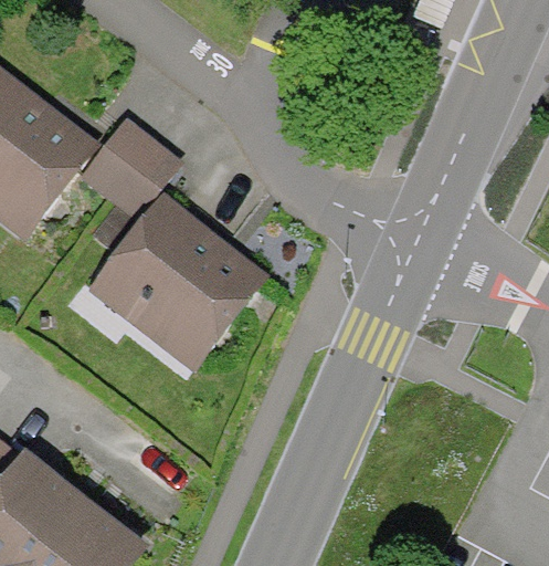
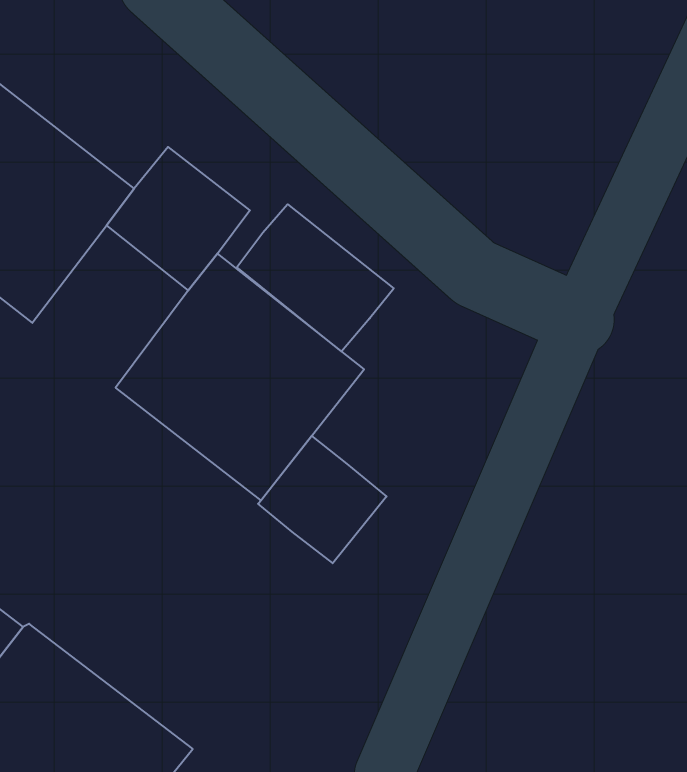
building: none -> [237,204,394,351]
building: none -> [258,436,387,563]

